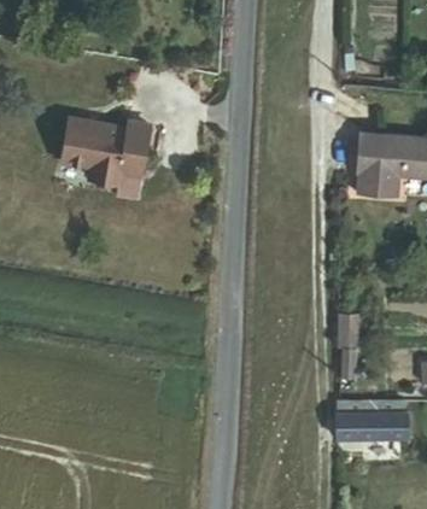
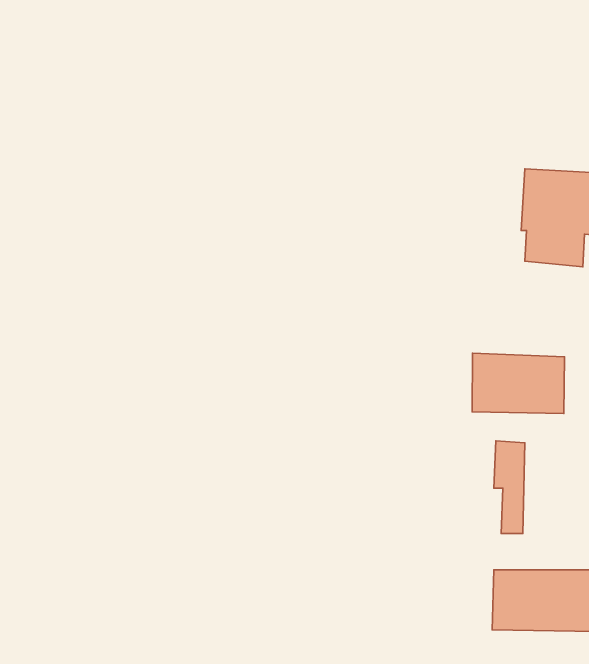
building: [62,115,148,180] -> none
building: none -> [472,353,564,414]

